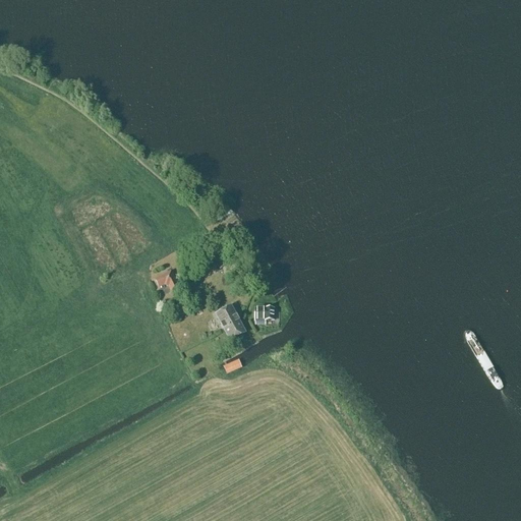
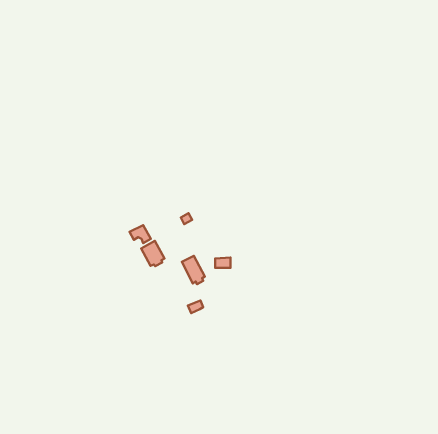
building: none -> [141,241,165,266]

